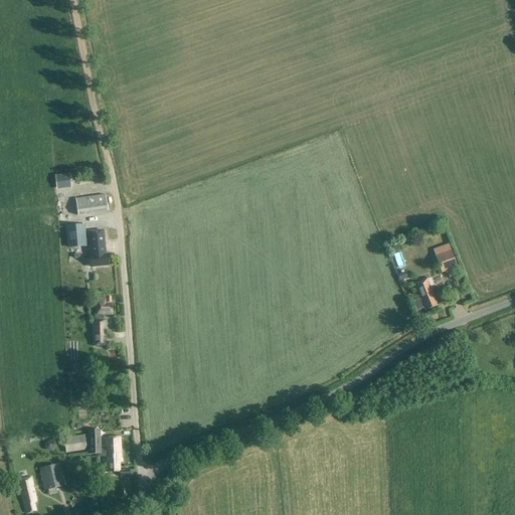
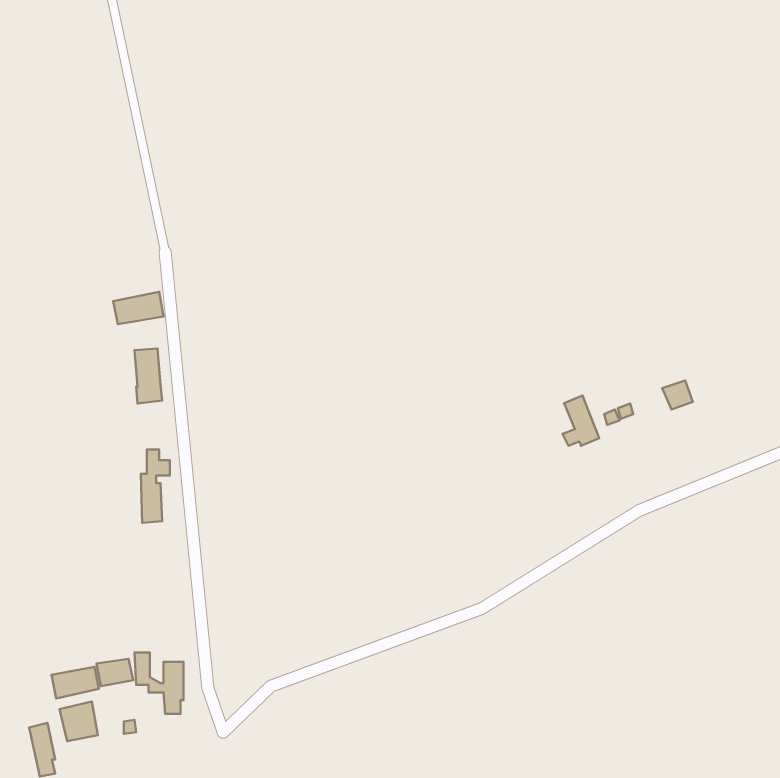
building: [67,224,87,245] -> none
building: [414,277,439,310] -> [563,395,599,446]
building: none -> [51,667,99,698]

